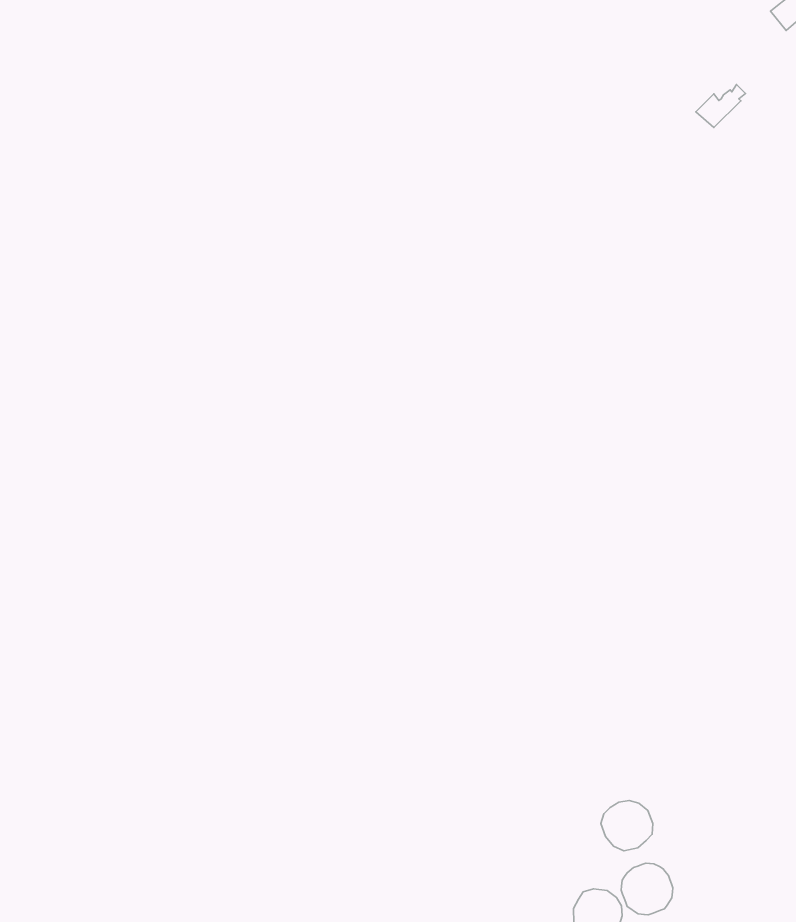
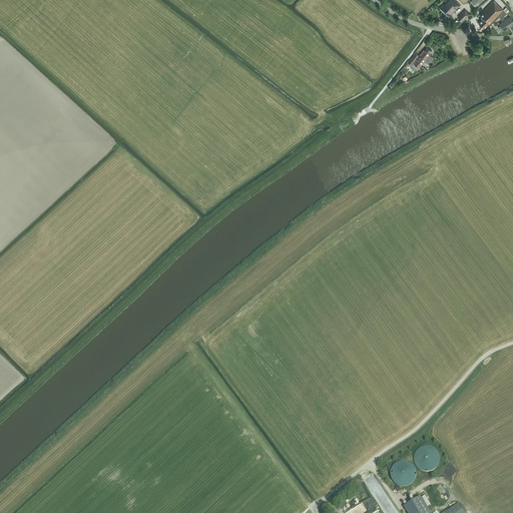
building: [601,800,653,851] -> none

